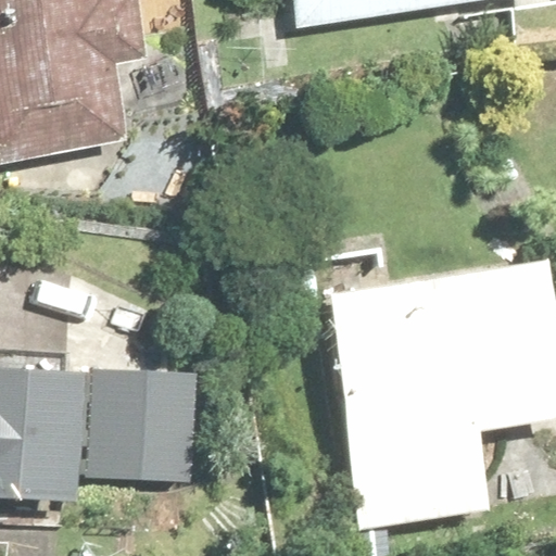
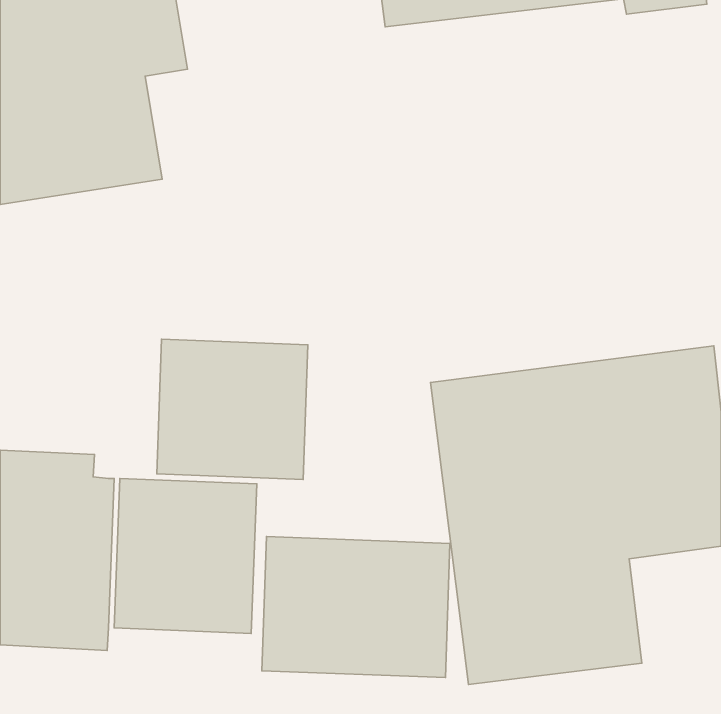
building: none -> [157,339,308,479]
building: none -> [262,537,450,678]

